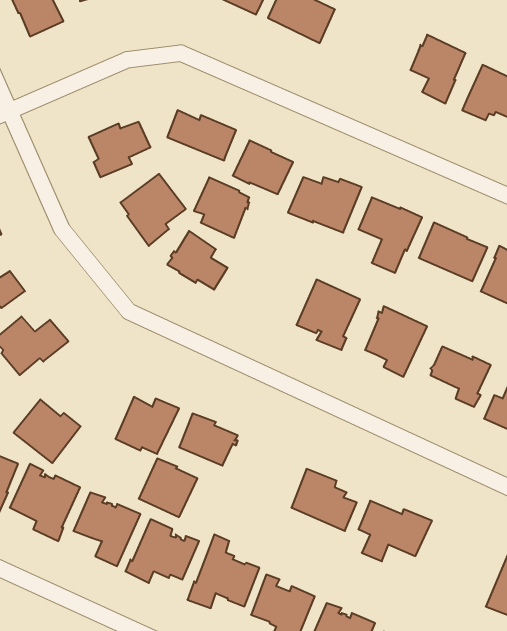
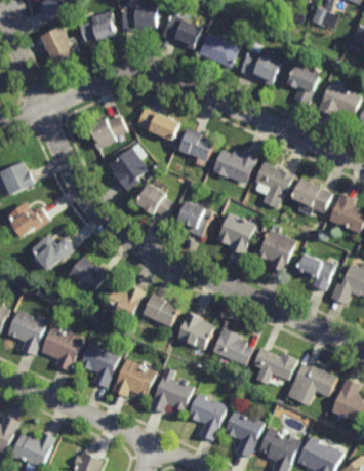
building: none -> [240,49,281,85]
building: [194,177,249,238] -> [177,200,211,237]
building: [14,399,81,463] -> [68,257,109,296]
building: [139,458,197,517] -> [178,314,214,350]
building: none -> [289,364,338,405]

